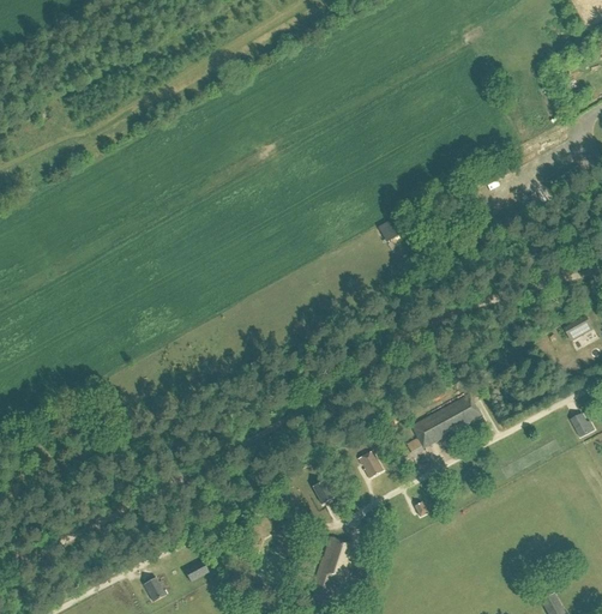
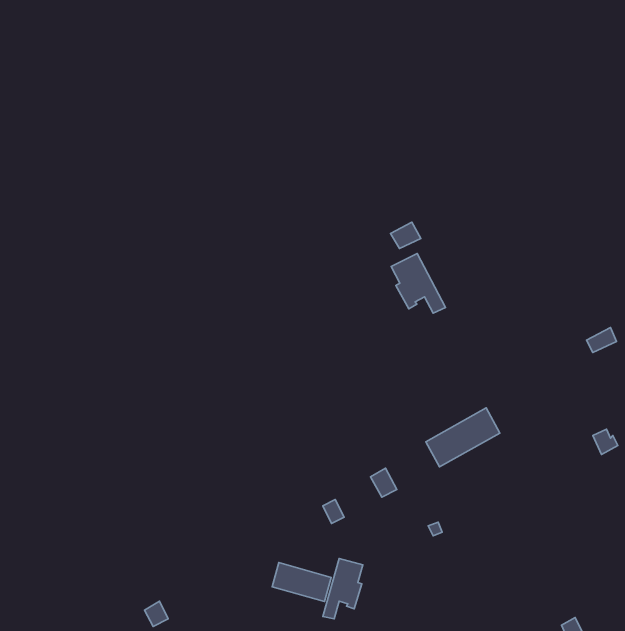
building: none -> [391,253,446,313]
building: none -> [272,563,331,602]

